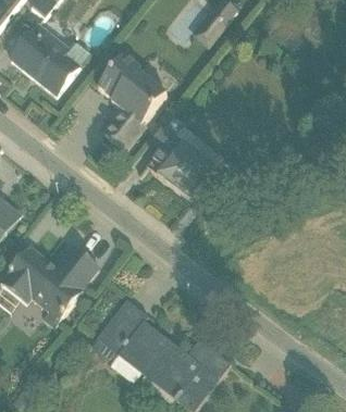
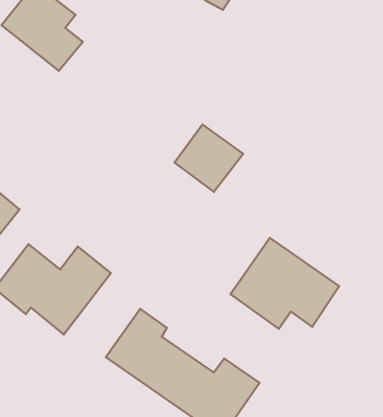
building: [91,48,169,151] -> none
building: none -> [230,238,339,329]

